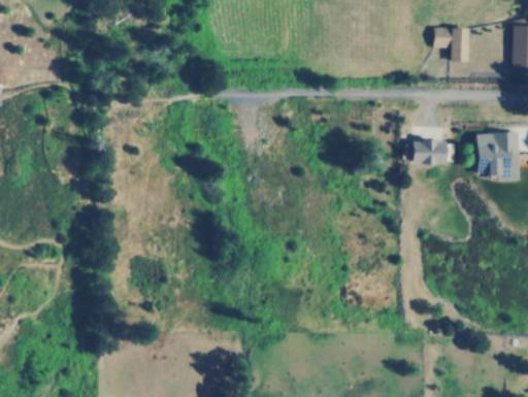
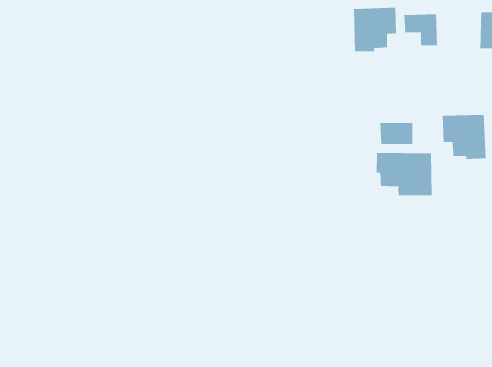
building: none -> [353,7,397,52]
building: none -> [376,152,432,196]

